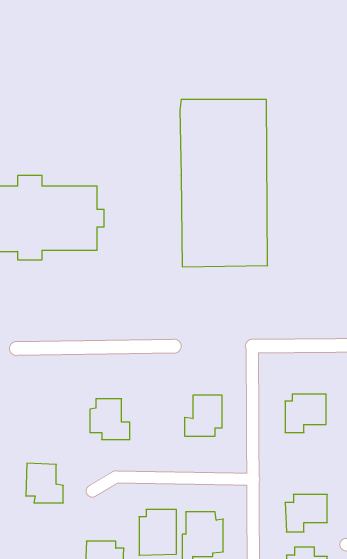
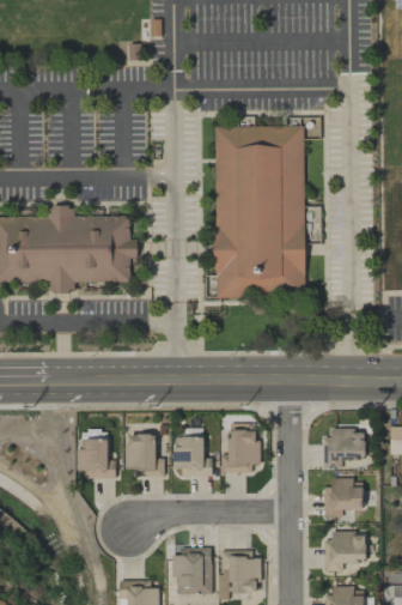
building: none -> [173,436,212,476]
building: none -> [323,478,363,516]
building: [26,463,63,503] -> [77,437,115,478]

